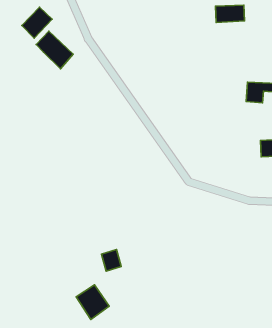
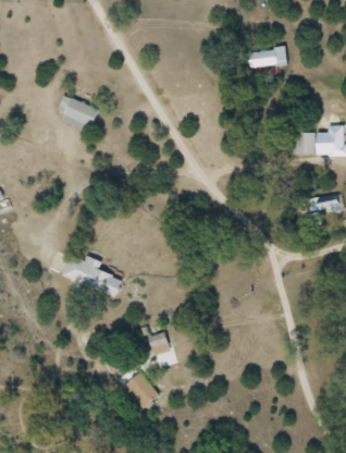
building: [22,7,52,38] -> none
building: none -> [61,253,123,298]

